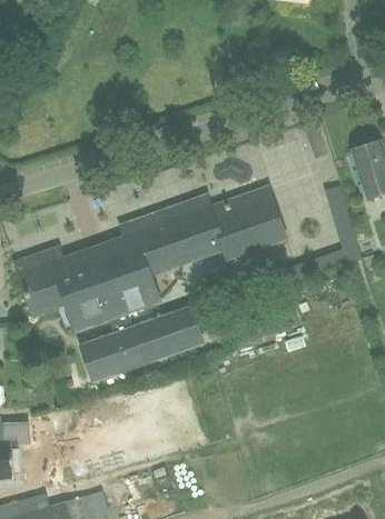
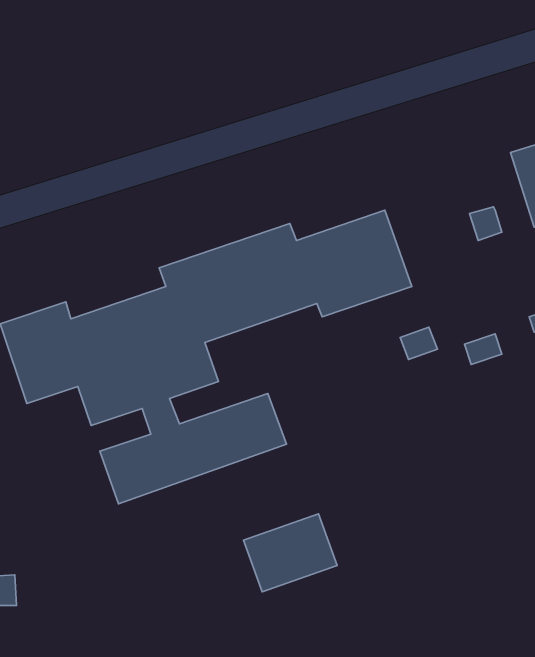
building: none -> [243,514,337,592]

